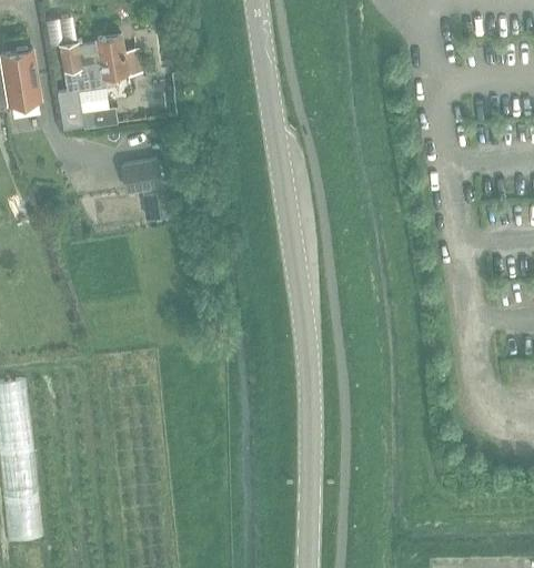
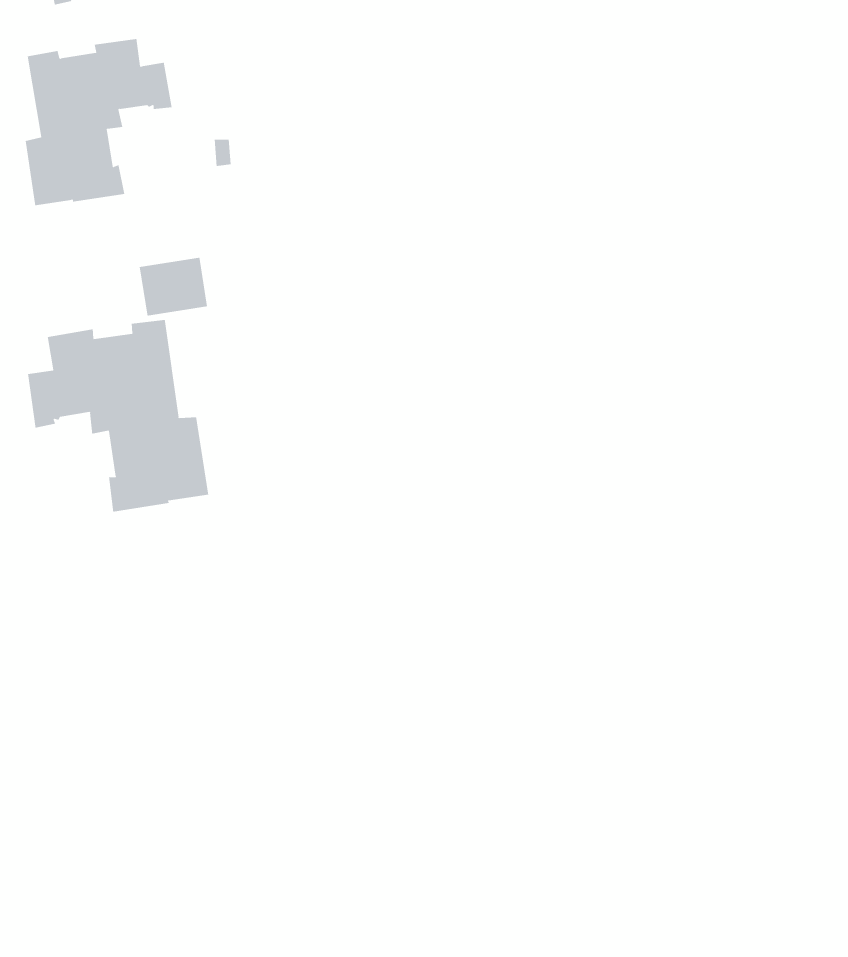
building: none -> [27,319,209,513]

